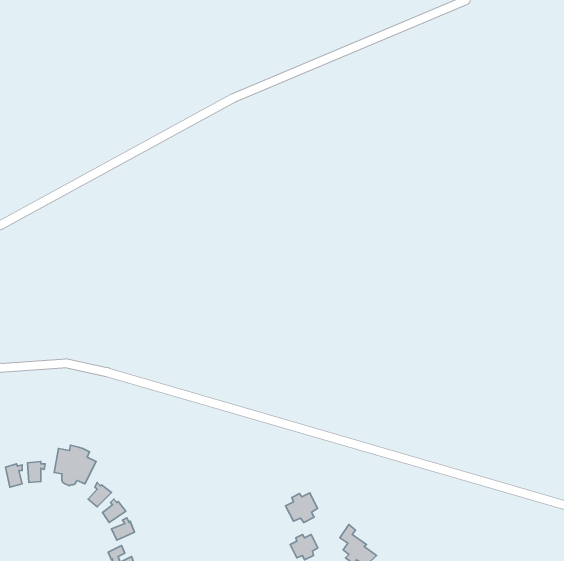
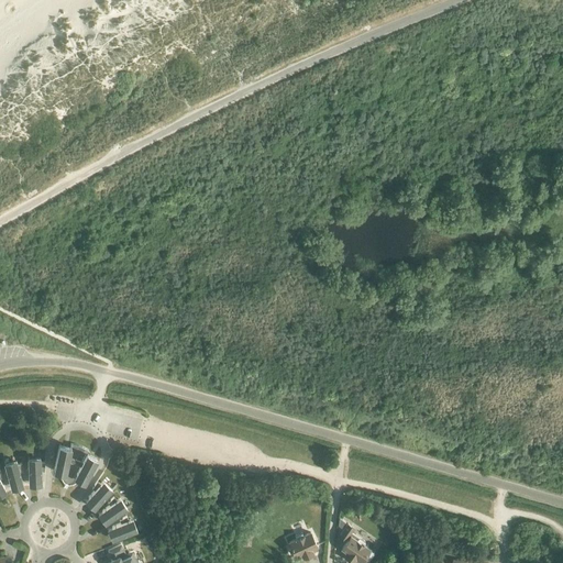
building: [286,493,317,522] -> none

